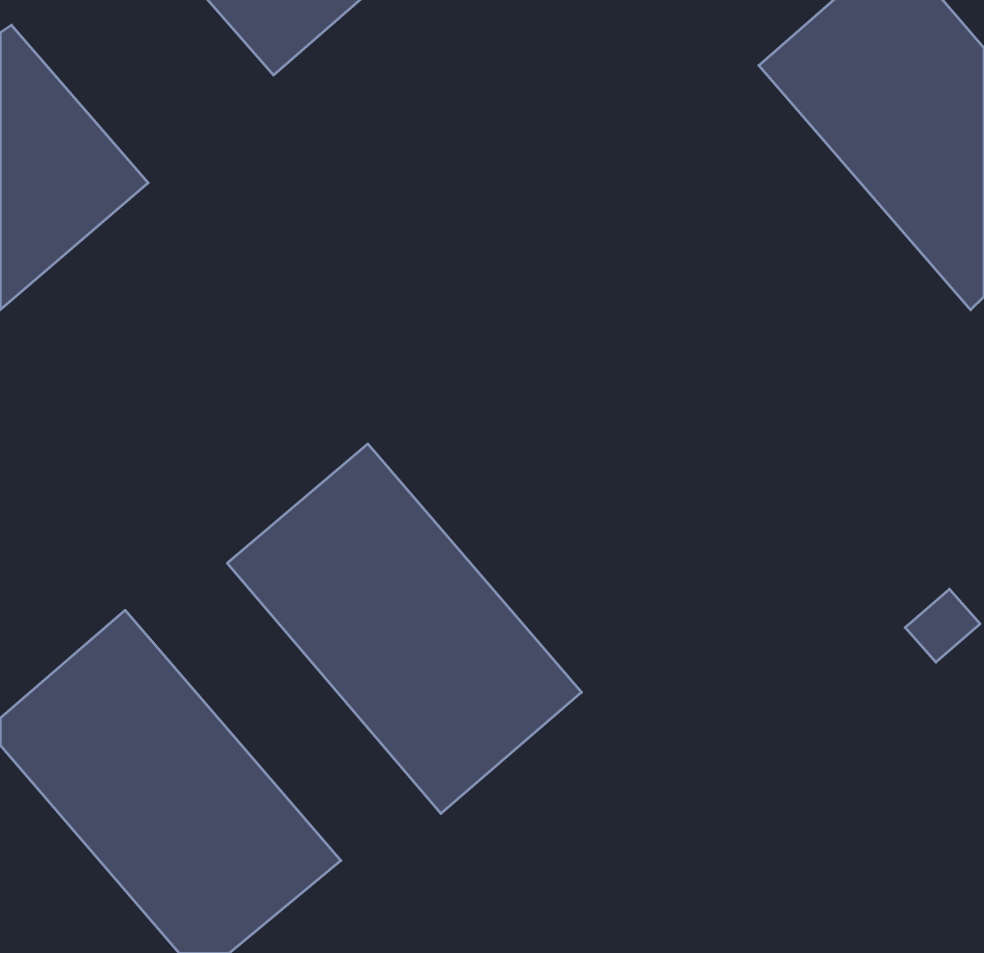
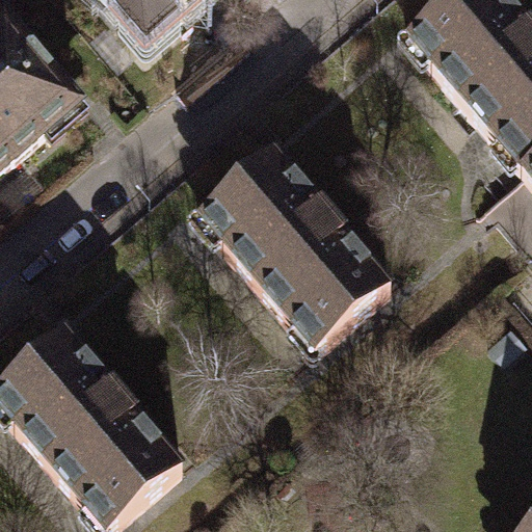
building: [227,444,582,814] -> [201,150,392,349]

